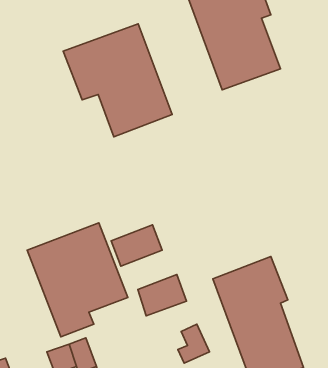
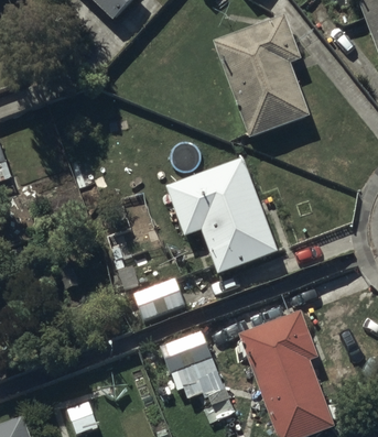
building: [63,24,172,137] -> [165,156,279,274]
building: [27,223,128,337] -> none

